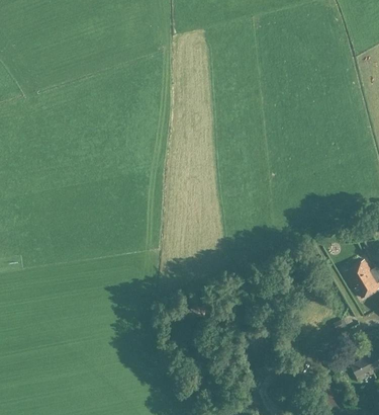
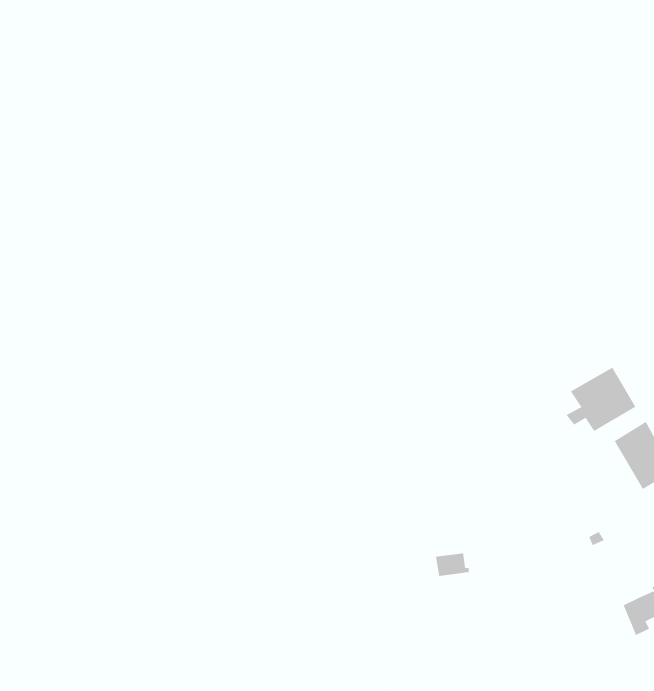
building: none -> [566,367,636,432]

